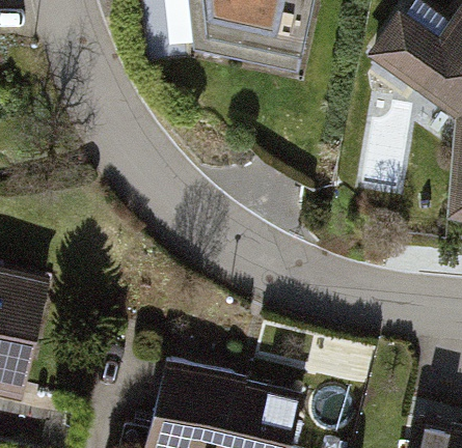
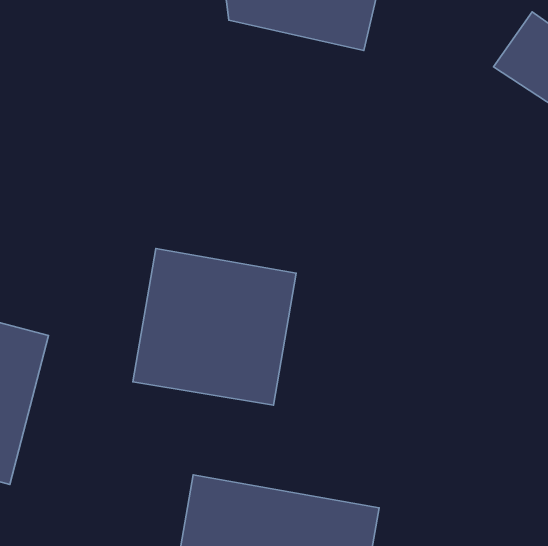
building: none -> [133,248,296,405]

